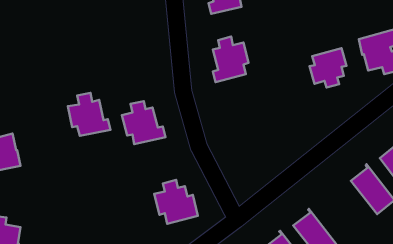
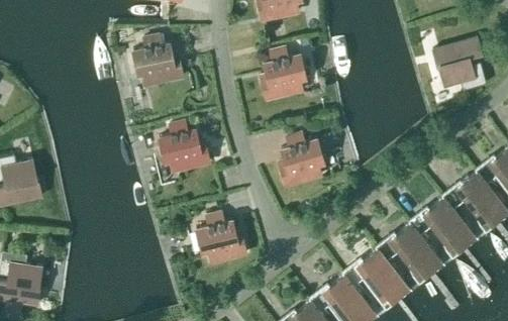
building: [309,48,347,88] -> none
building: [68,93,111,136] -> [133,36,183,86]
building: none -> [282,134,323,187]
building: none -> [391,221,441,279]

